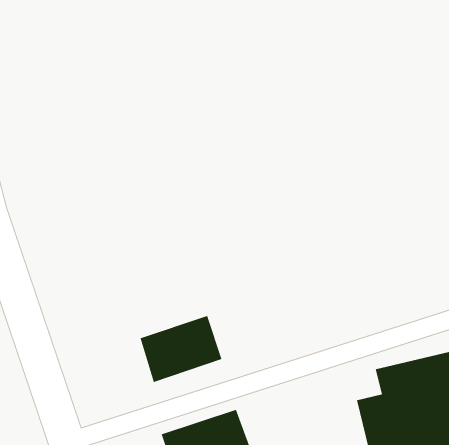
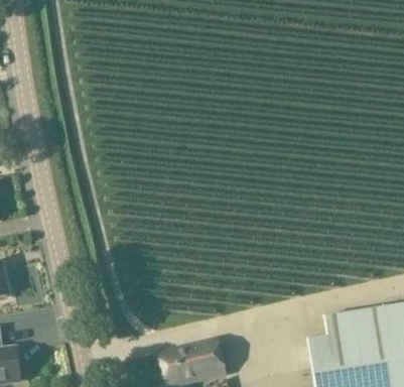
building: [140,315,222,383] -> none

